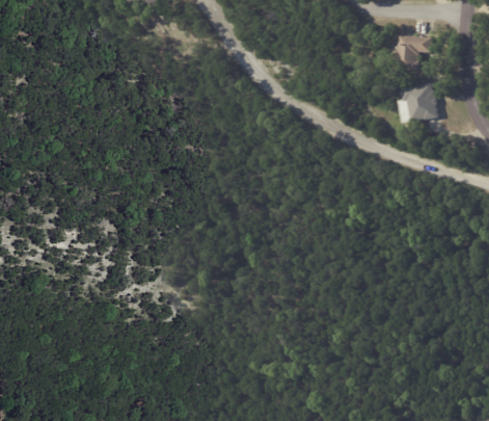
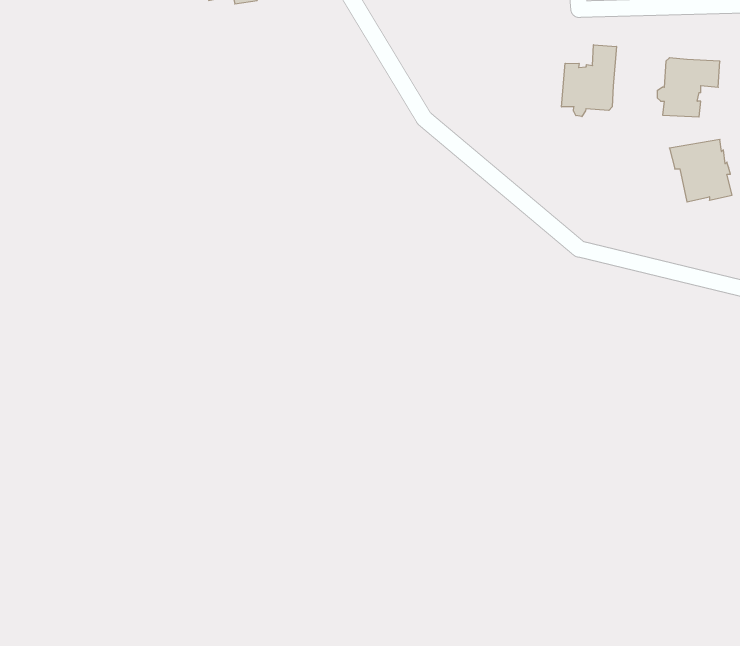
building: none -> [562,45,616,117]

